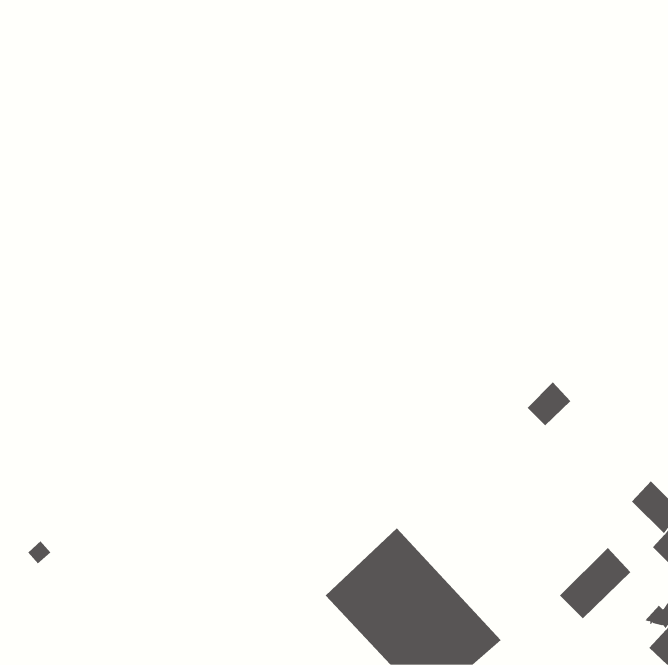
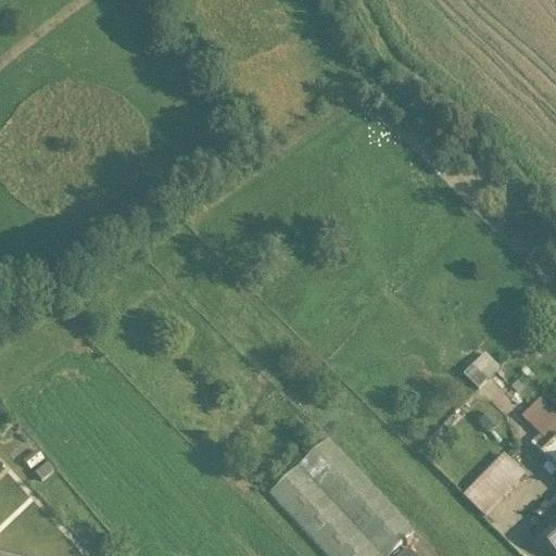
building: [527,382,571,426] -> [465,350,502,387]

